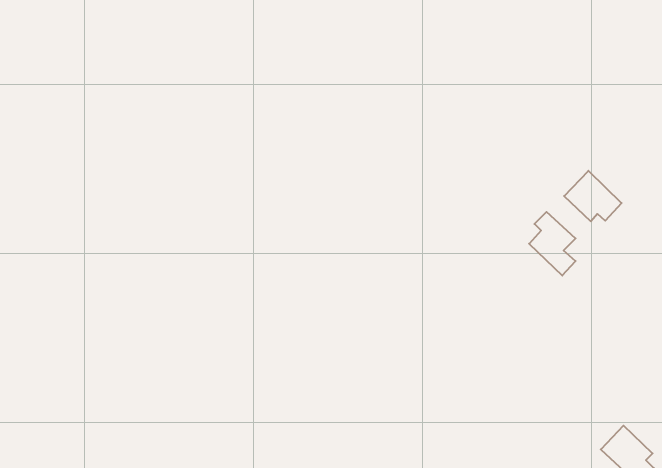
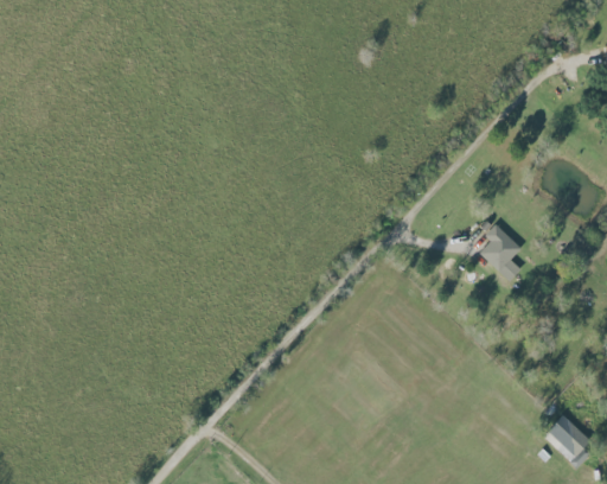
building: [564,171,622,221] -> none

